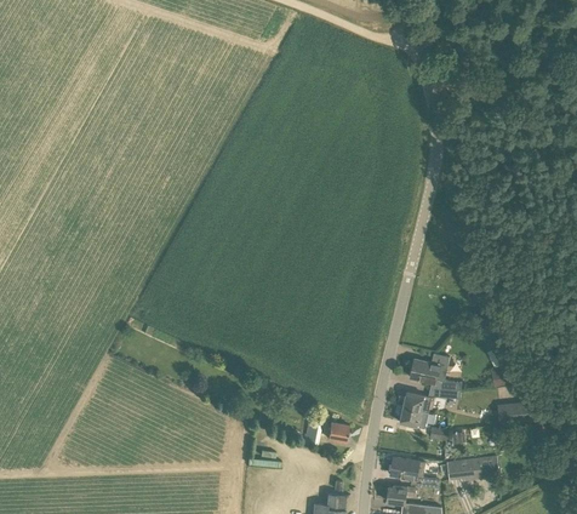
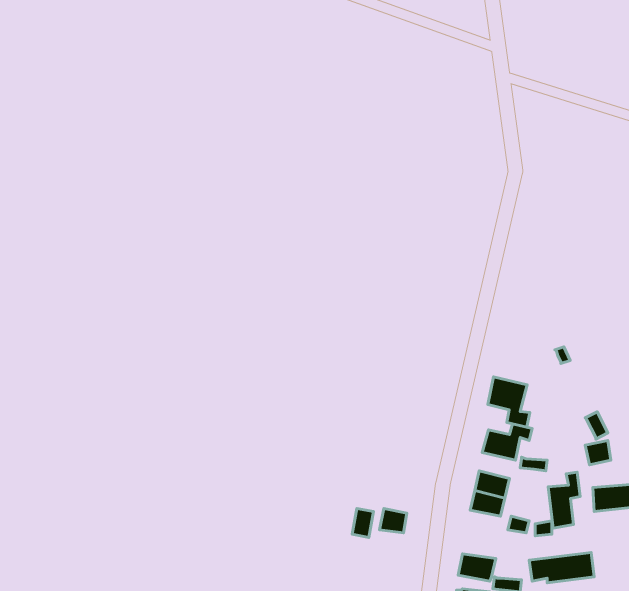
building: none -> [488,377,530,427]
building: none -> [548,472,580,528]

